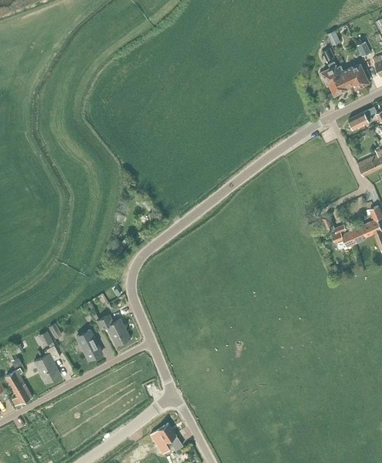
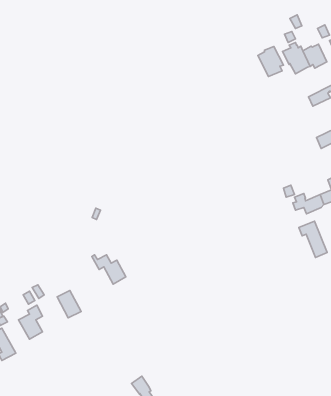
building: none -> [258,46,283,77]
building: none -> [299,221,327,257]
building: [93,313,130,345] -> [92,255,126,284]

